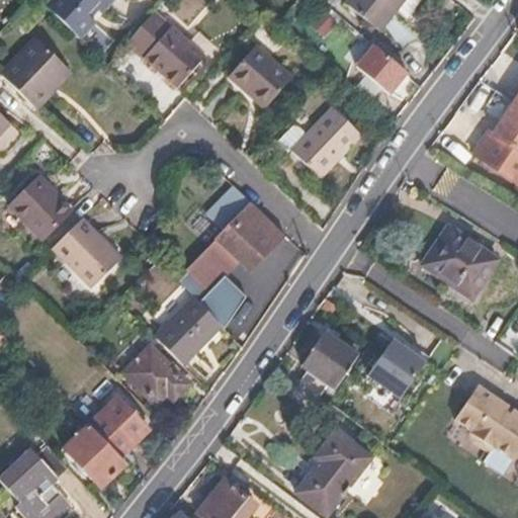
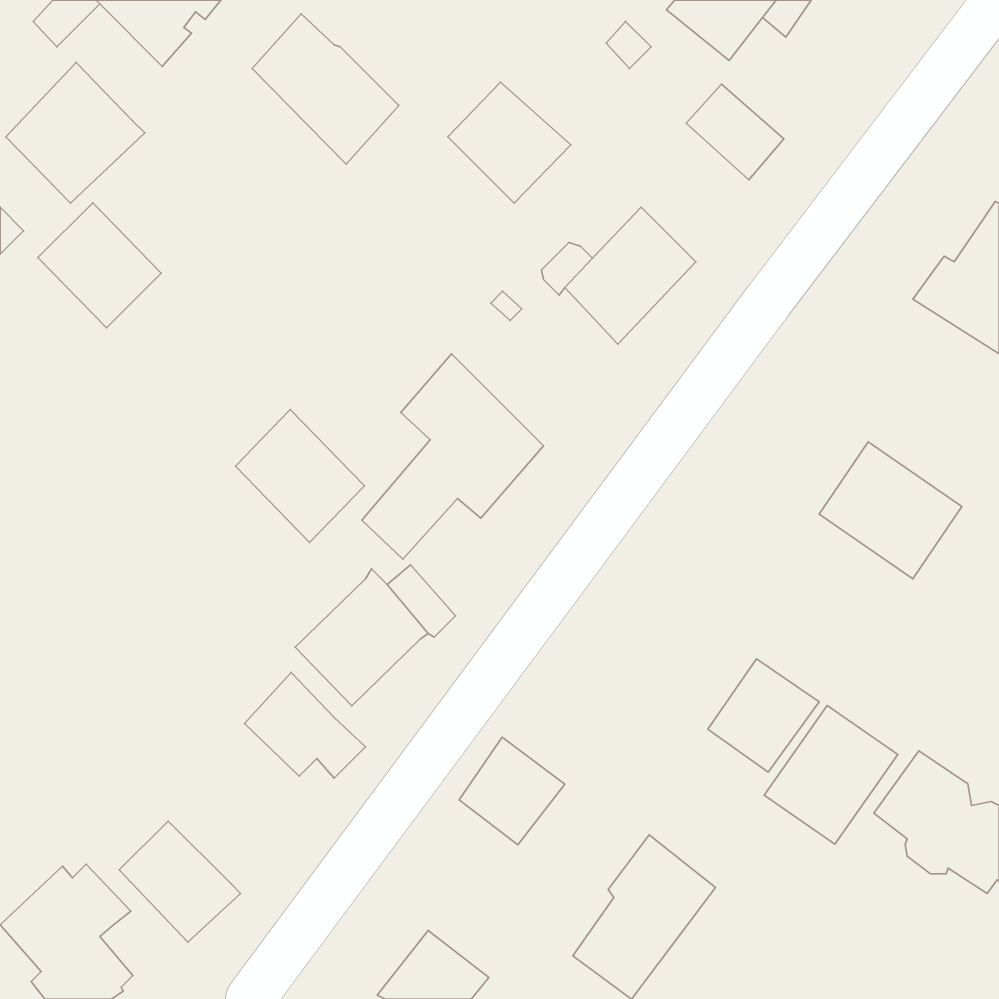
building: [8,169,72,234] -> [38,203,161,328]
building: [53,214,119,283] -> [235,410,364,542]
building: [299,336,354,392] -> [459,737,565,845]
building: none -> [764,706,898,844]
building: [87,398,148,457] -> none

